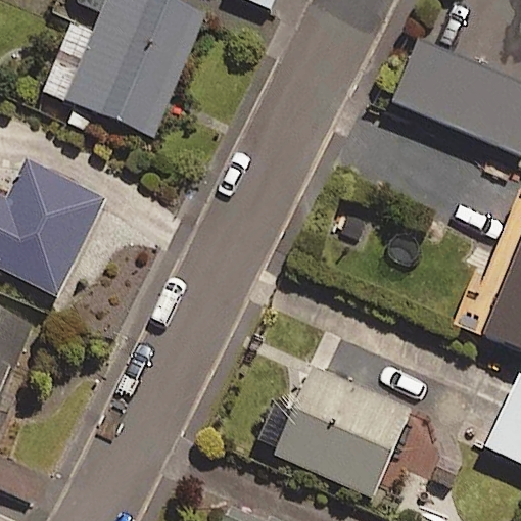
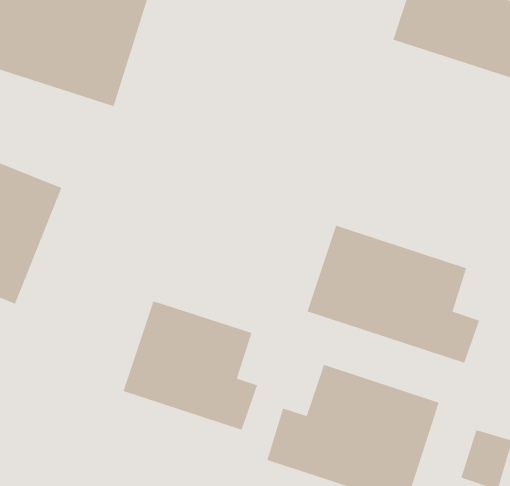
building: none -> [307,225,480,364]
building: none -> [123,300,258,430]

